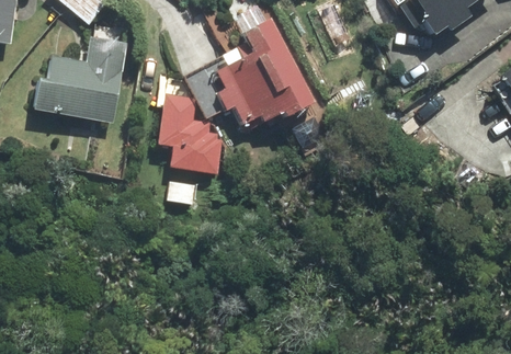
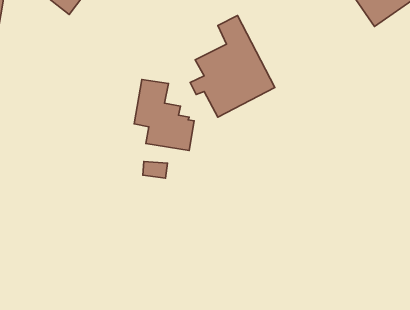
building: [34,41,126,118] -> none

